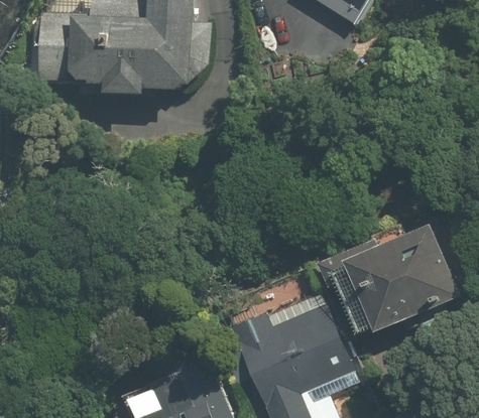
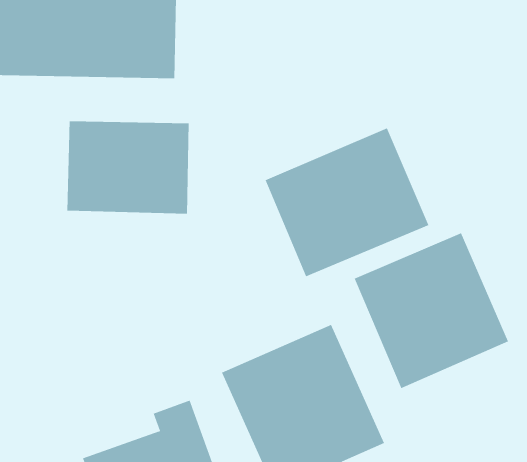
building: none -> [67,120,189,214]
building: none -> [265,128,429,277]

